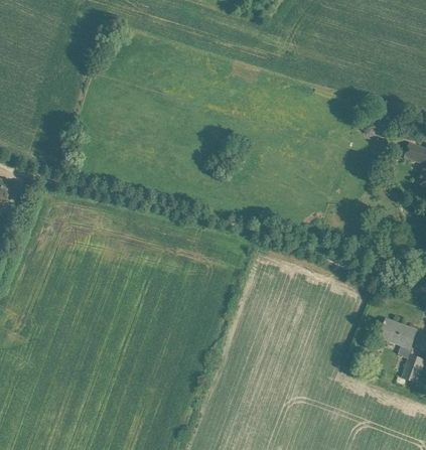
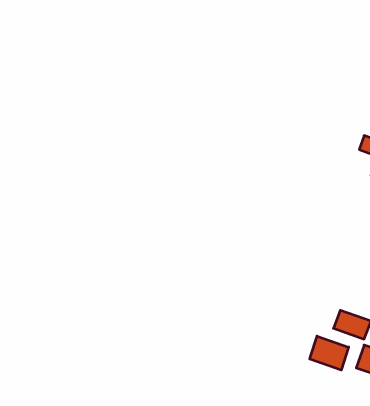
building: none -> [310,336,349,370]

